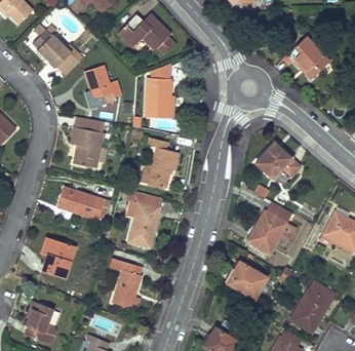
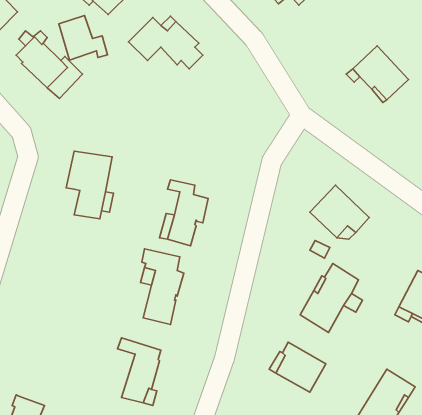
building: [85,65,122,99] -> [59,16,107,60]
building: [146,77,171,118] -> none
building: [57,186,105,220] -> none
building: [42,237,76,277] -> none

